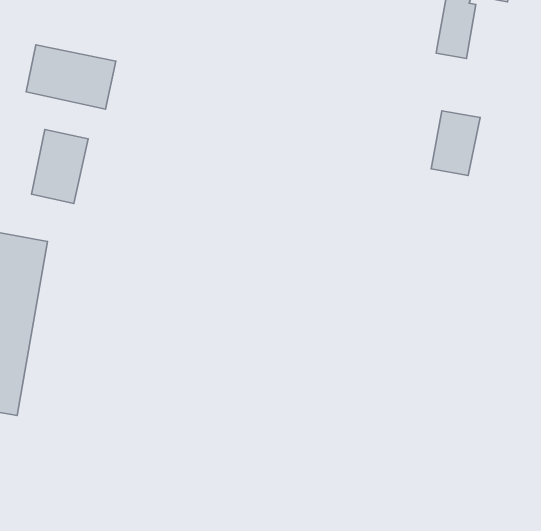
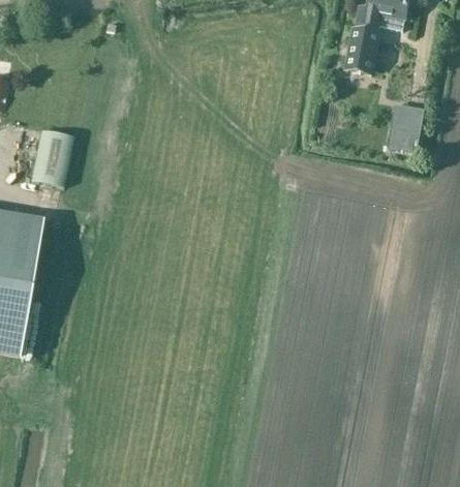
building: [26,45,116,109] -> none
building: [431,111,480,175] -> [387,102,425,153]

